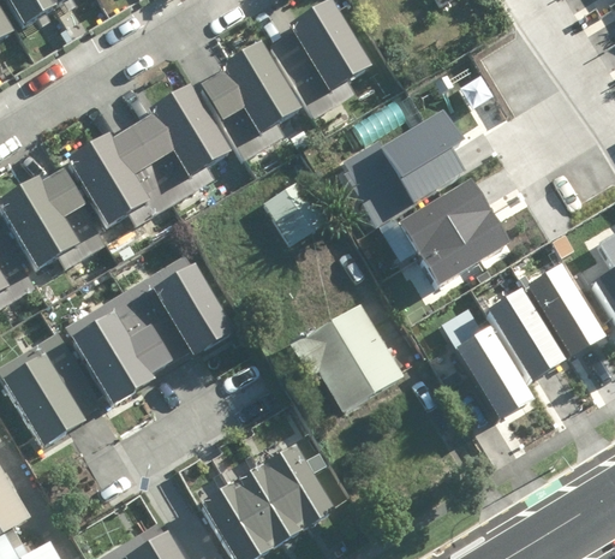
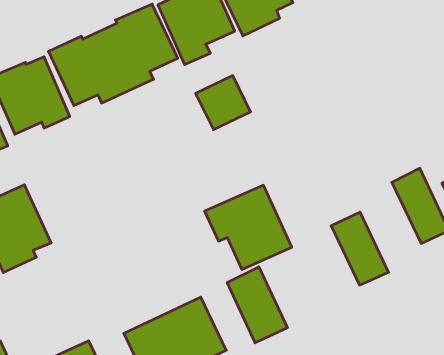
building: [336,107,460,218] -> none
building: [393,173,506,283] -> none
building: [62,252,234,404] -> none
building: [483,283,562,376] -> none
building: none -> [227,267,287,343]

